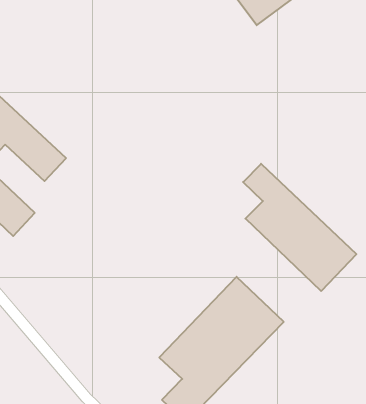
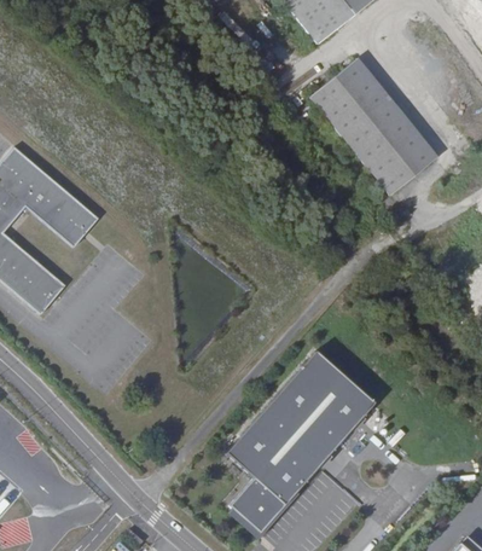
building: none -> [313,59,441,196]
building: [243,164,356,291] -> none

